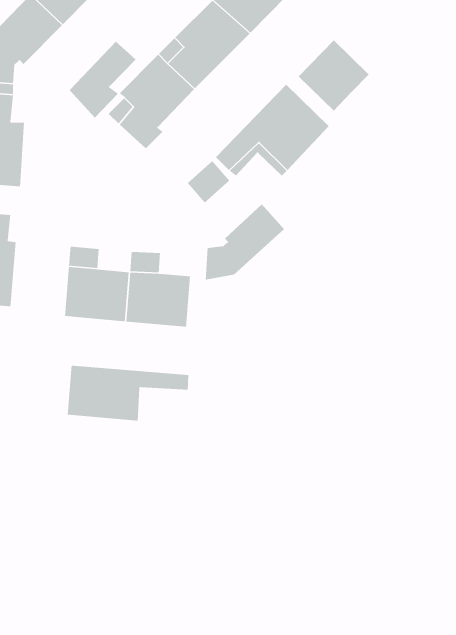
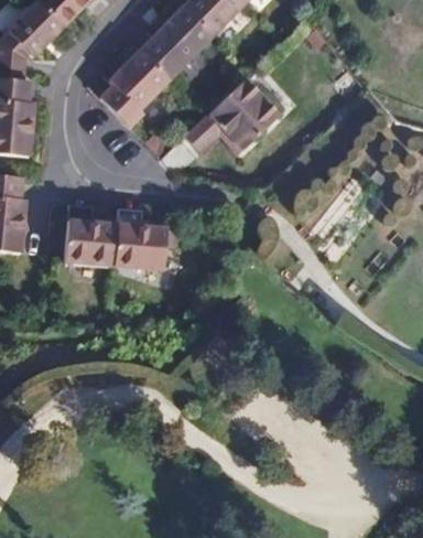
building: [298,39,370,112] -> none
building: [69,41,137,119] -> none
building: [205,204,285,280] -> none
building: [67,365,189,422] -> none

